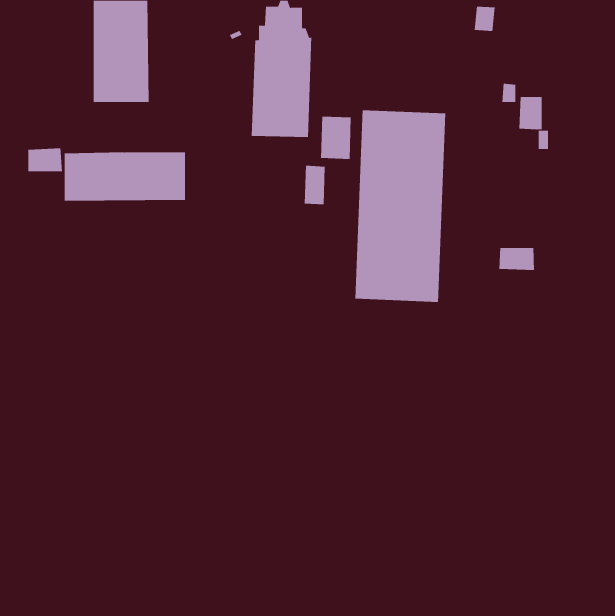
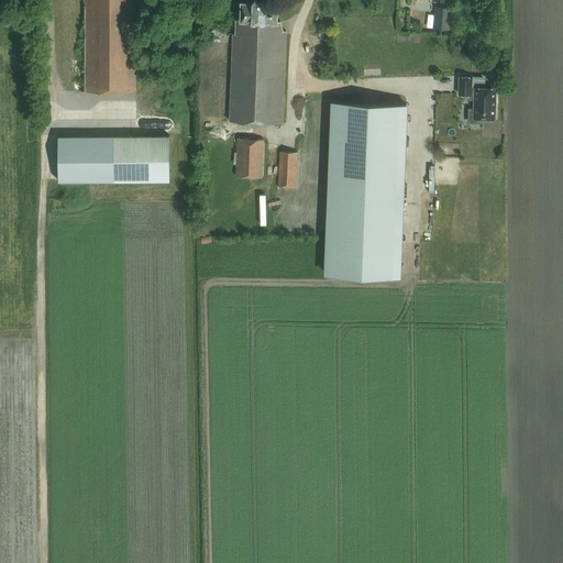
building: [320,116,352,159] -> [234,137,263,177]
building: [28,148,62,172] -> none
building: [499,247,534,271] -> none

